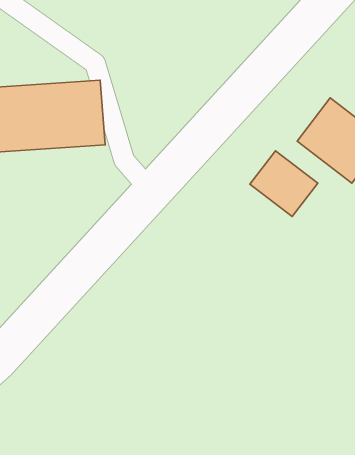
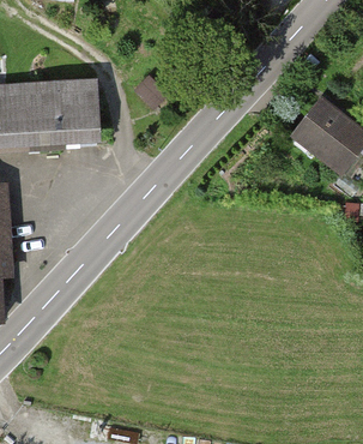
building: [250,151,318,217] -> none

